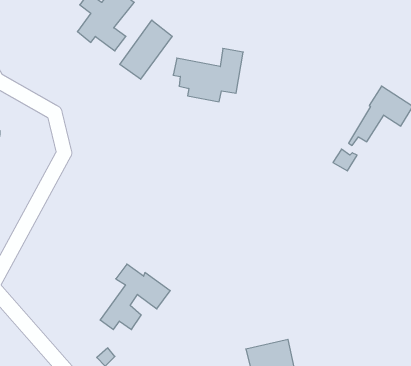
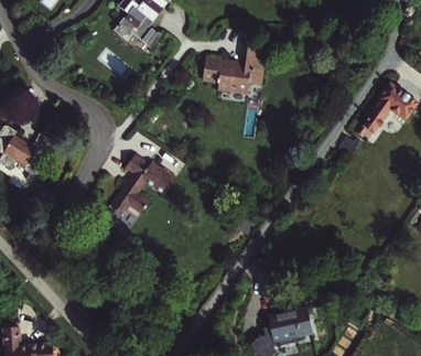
building: [120,20,172,79] -> none
building: [100,264,170,330] -> [108,150,172,209]

